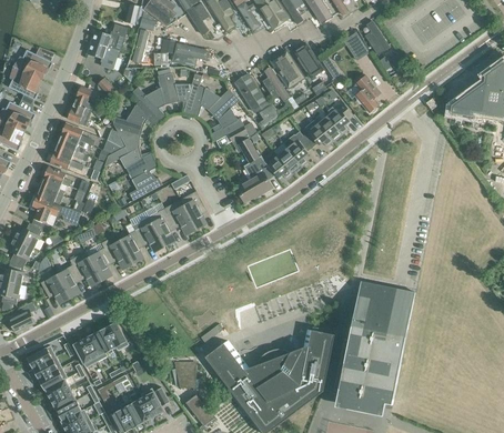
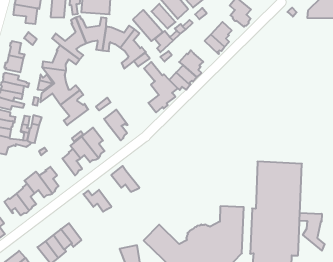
building: [302,119,332,148] -> none
building: [163,199,195,232] -> [111,166,139,192]
building: [100,239,132,268] -> [83,190,111,212]
building: none -> [300,213,325,251]

